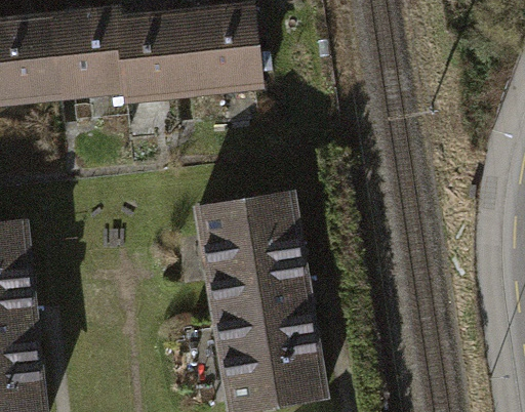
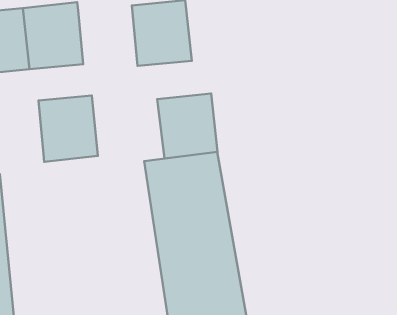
building: [121,15,194,96] -> [38,96,98,162]
building: none -> [157,93,217,158]

